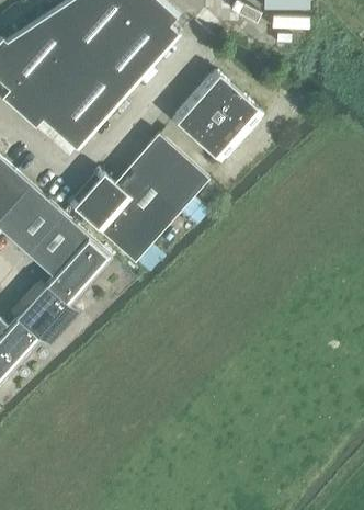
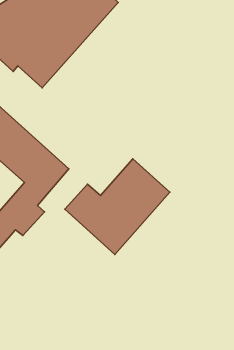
building: [171,70,264,163] -> none
building: [67,134,209,263] -> [65,159,170,255]

